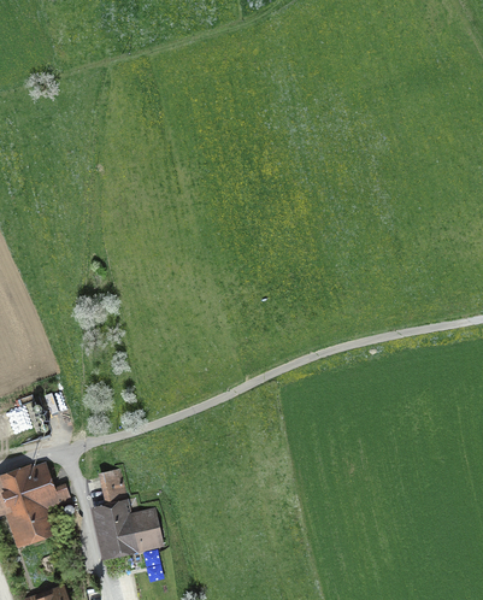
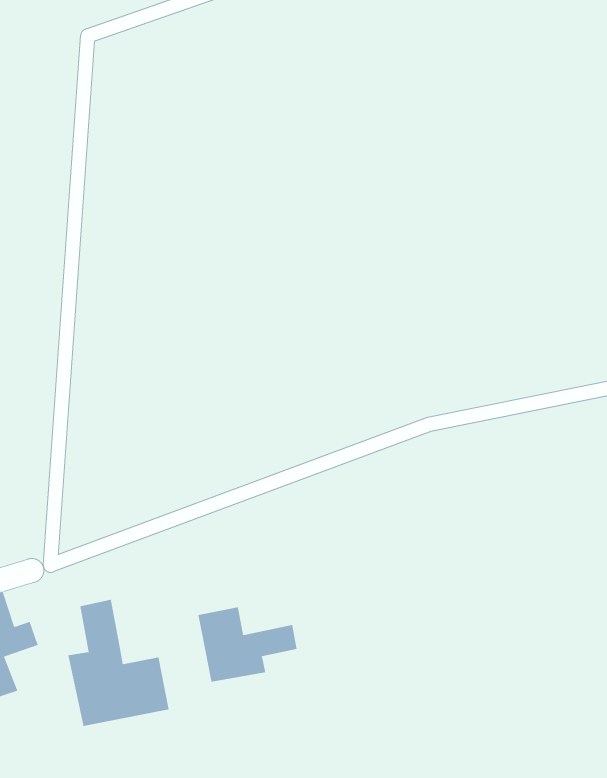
building: none -> [198,607,297,682]

